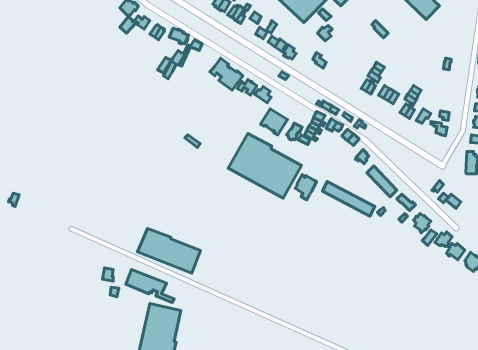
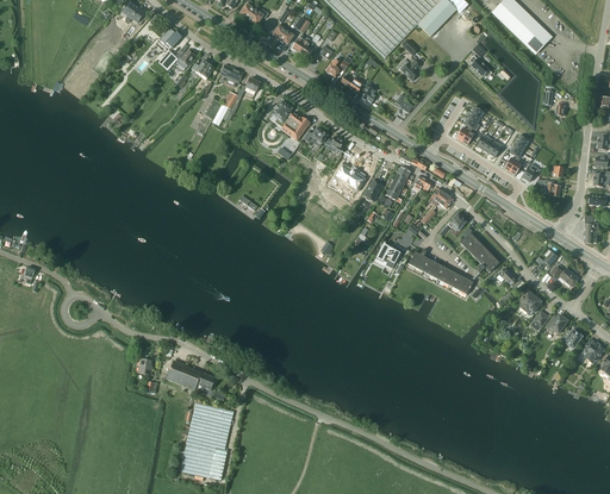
building: [228,134,301,198] -> none
building: [138,228,201,273] -> none

